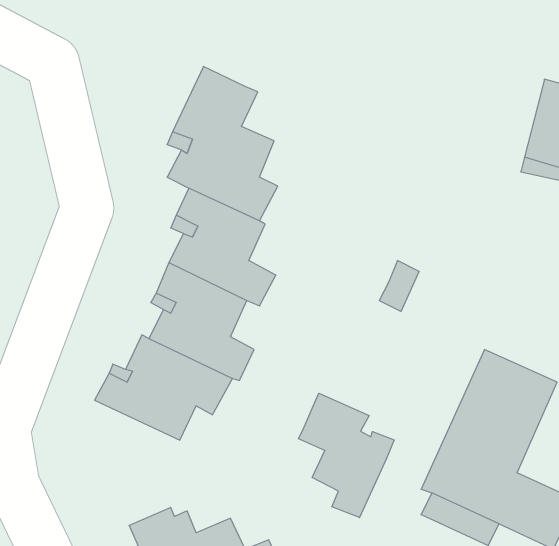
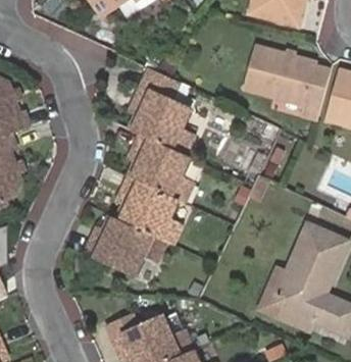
building: none -> [241,48,328,126]
building: [298,393,394,518] -> none

